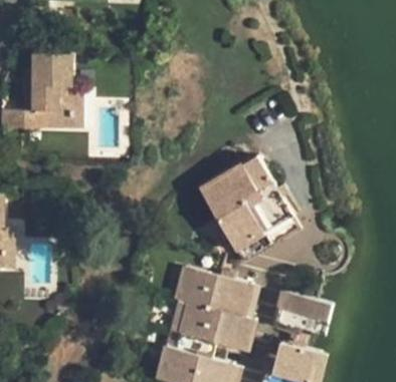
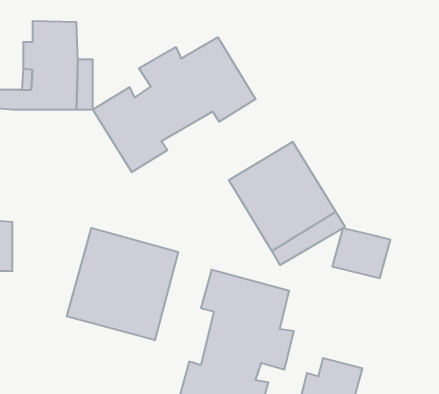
building: none -> [93,37,256,172]
building: none -> [67,228,178,340]
building: [273,292,324,335] -> [332,228,390,278]

